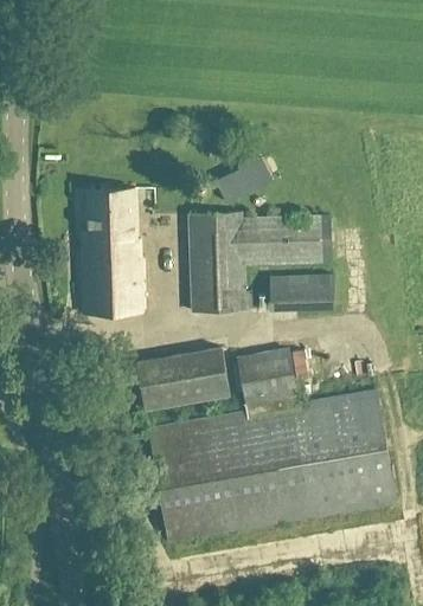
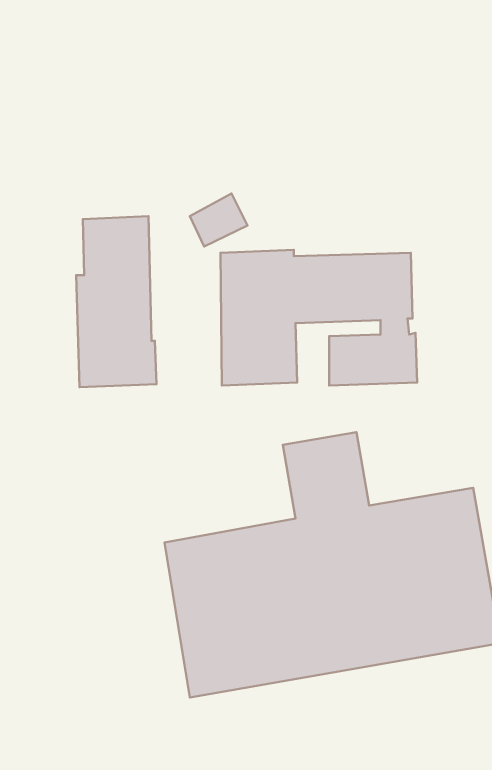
building: [214,168,257,207] -> [190,194,247,246]
building: [137,349,230,410] -> none

